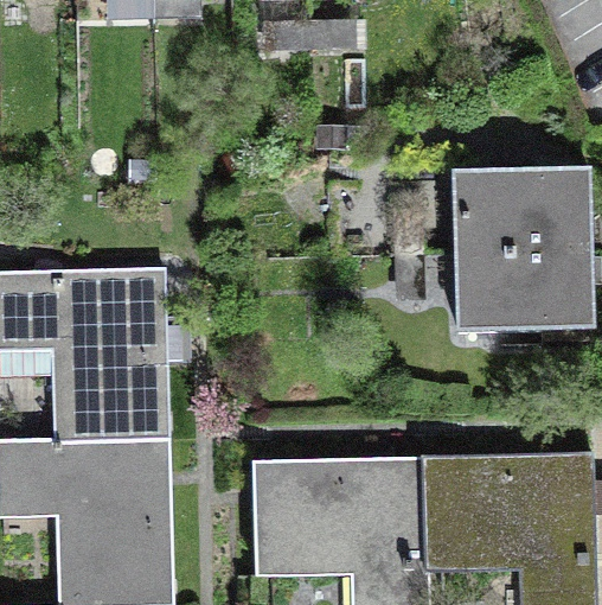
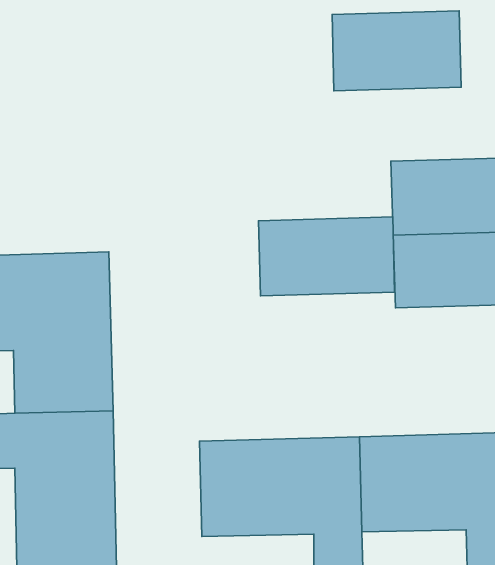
building: none -> [332,11,461,91]
building: none -> [259,217,395,296]

